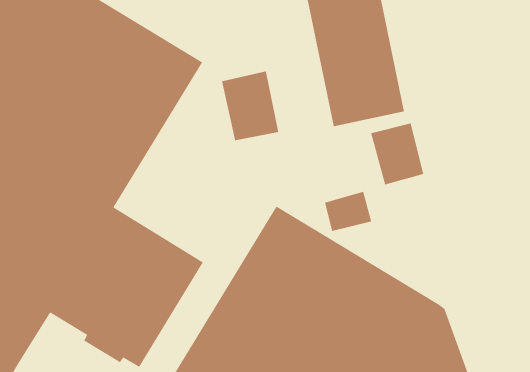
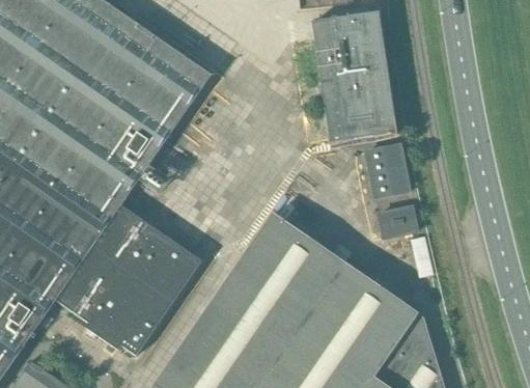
building: [221,71,279,141] -> none
building: [324,191,372,232] -> [375,203,419,240]

